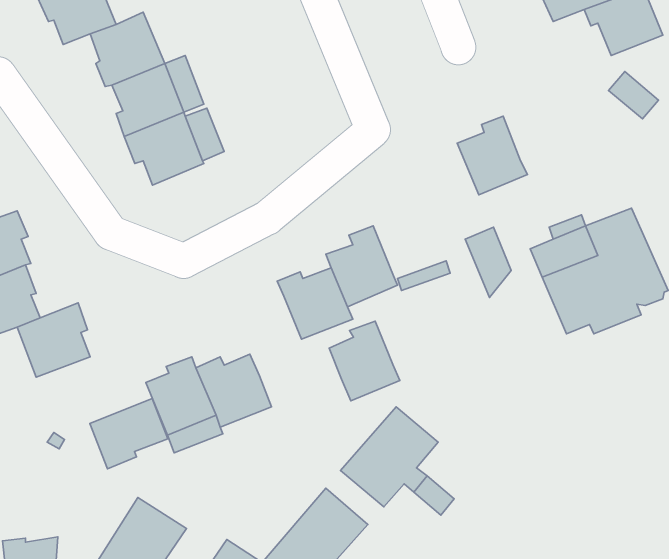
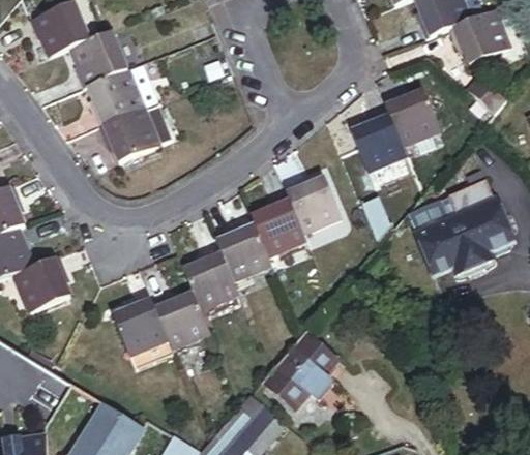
building: none -> [383,92,439,146]
building: none -> [285,179,341,234]
building: [329,321,400,401] -> [183,249,237,310]
building: [90,398,168,469] -> none

